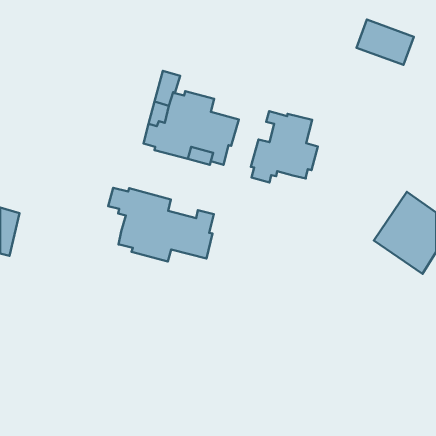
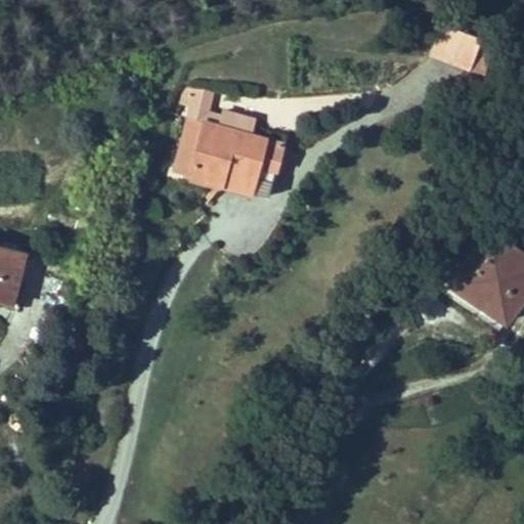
building: [251,111,318,182] -> none
building: [108,188,214,261] -> none

